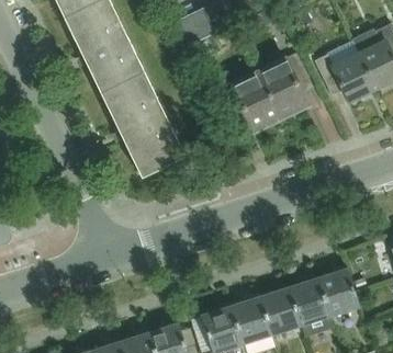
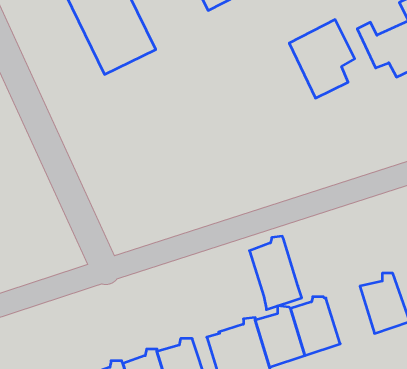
building: [221,73,281,133] -> none
building: [104,79,186,179] -> none
building: [290,275,334,337] -> [249,236,302,310]

